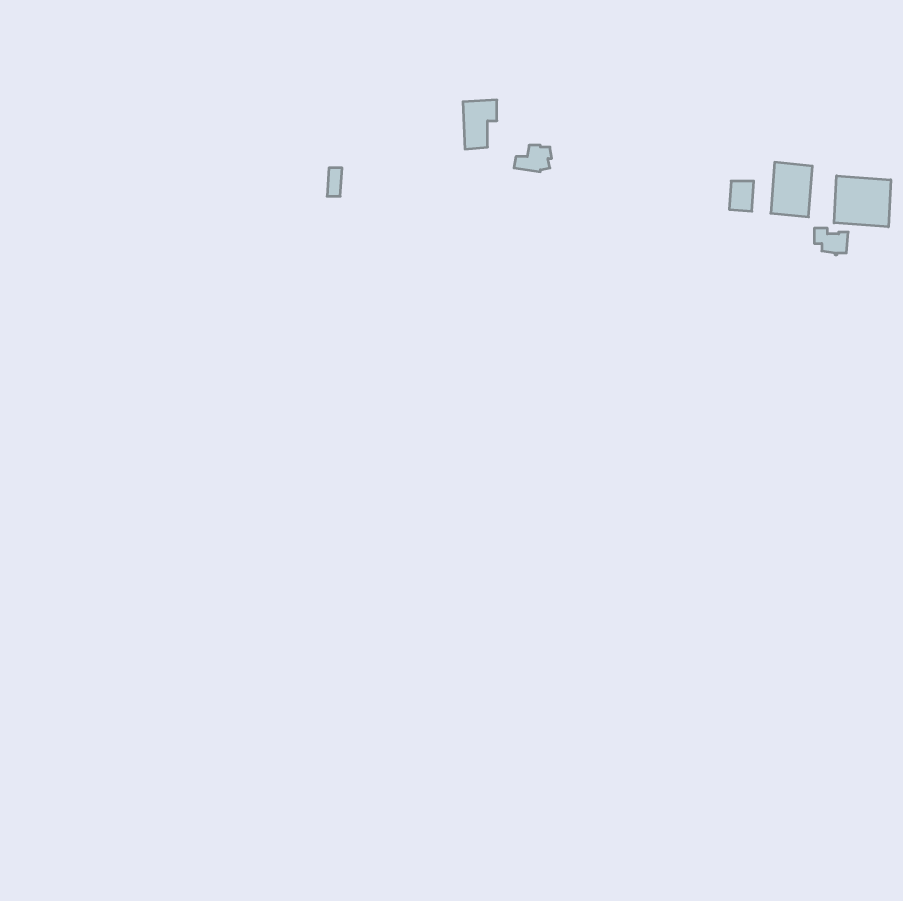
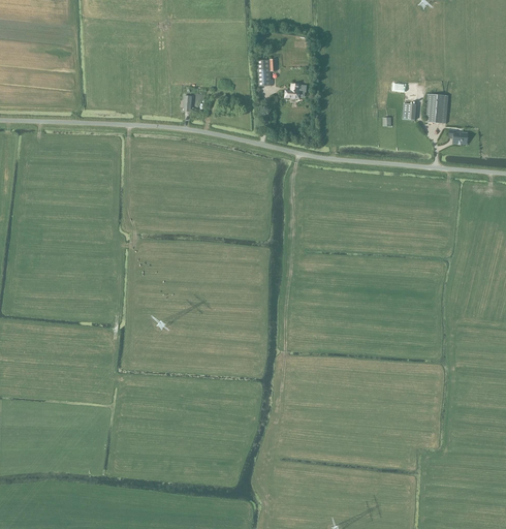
building: [834,176,891,227] -> none

